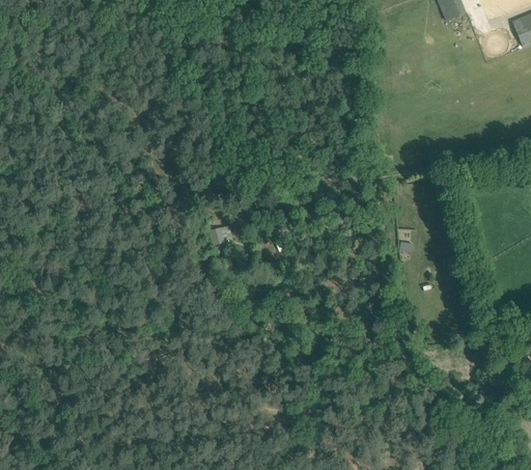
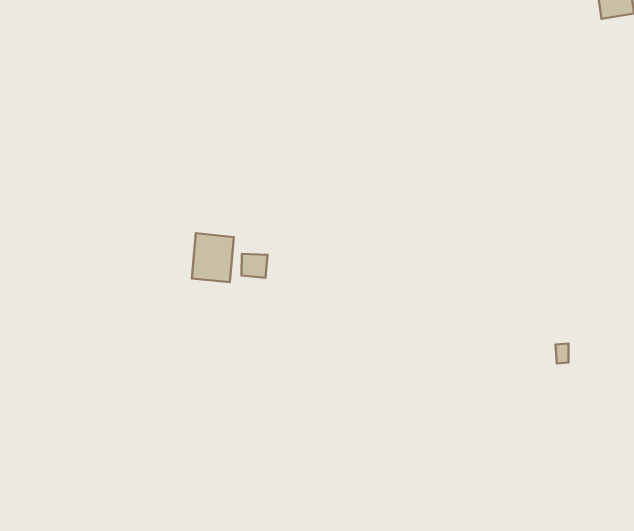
building: none -> [192,233,234,282]

